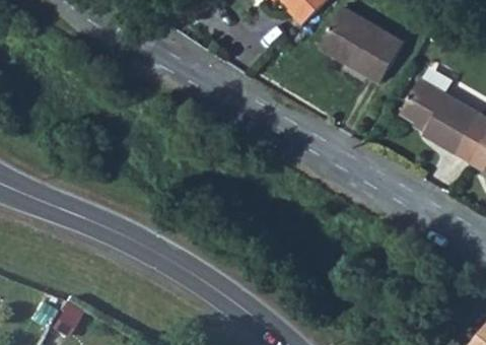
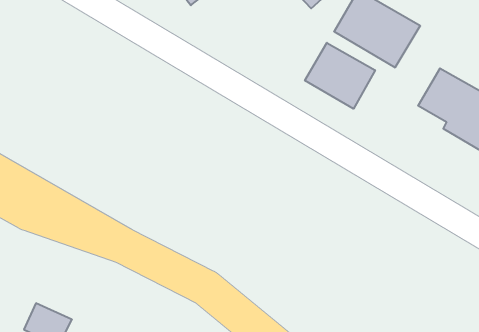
building: none -> [305,43,375,109]

